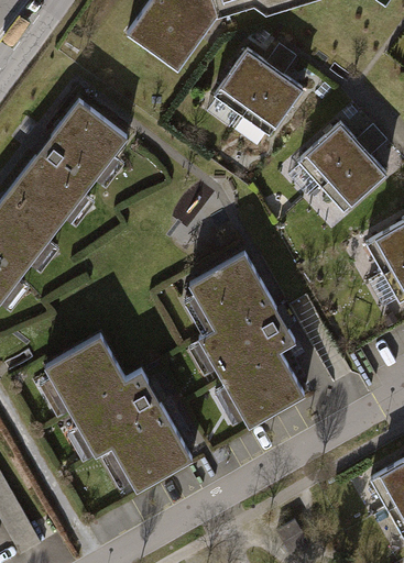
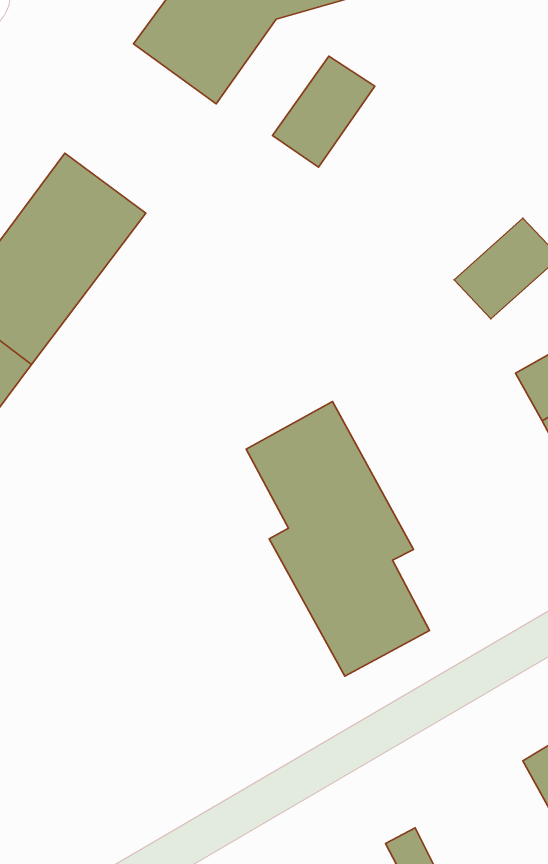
building: [237,60,301,131] -> none
building: [297,115,364,181] -> none
building: [52,345,196,492] -> none

